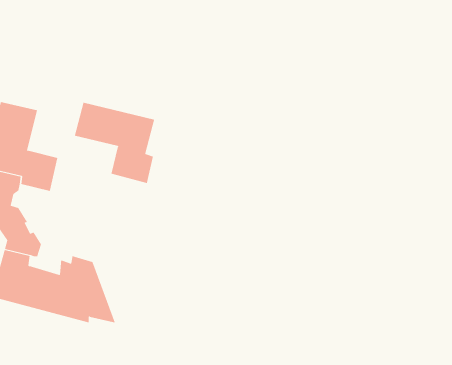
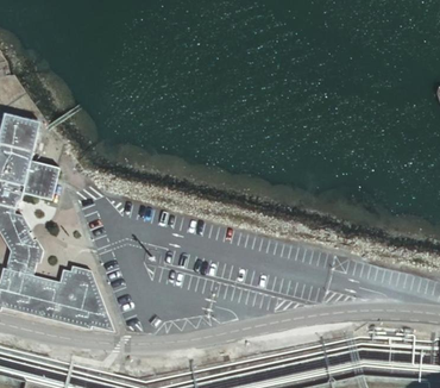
building: [74,102,155,184] -> none

